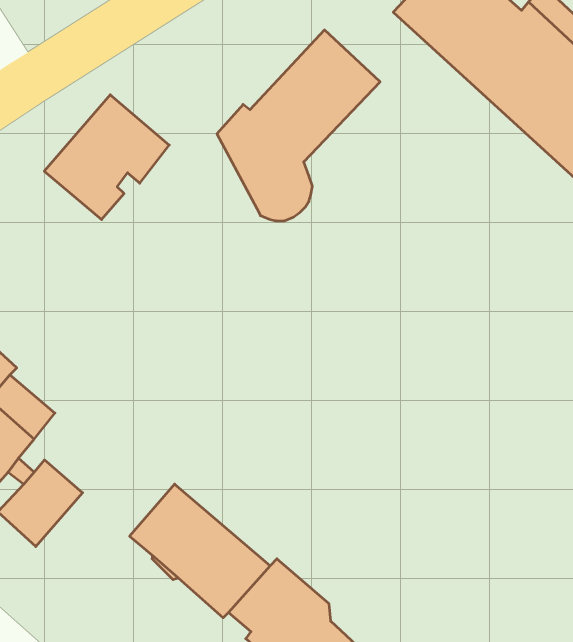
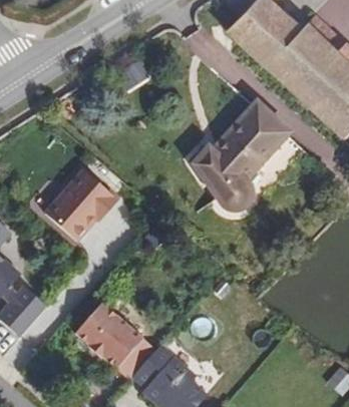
building: [217,30,380,221] -> [196,102,290,213]
building: [44,95,169,220] -> [49,169,121,242]

